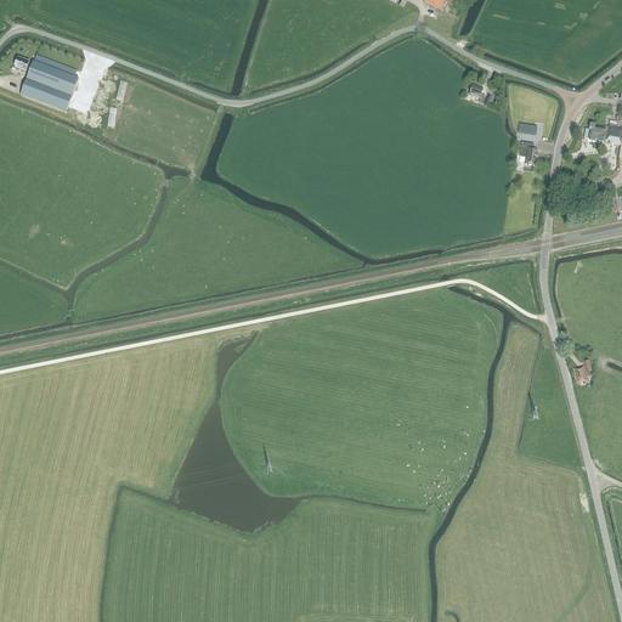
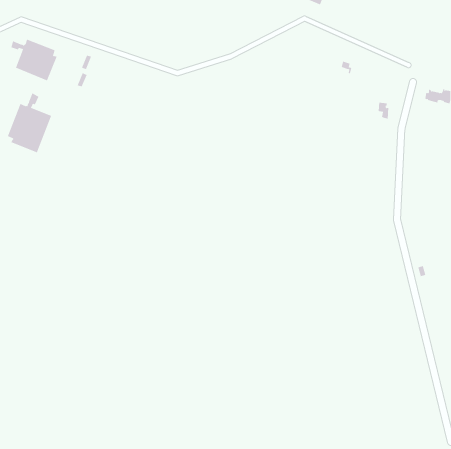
building: none -> [7,93,52,153]

